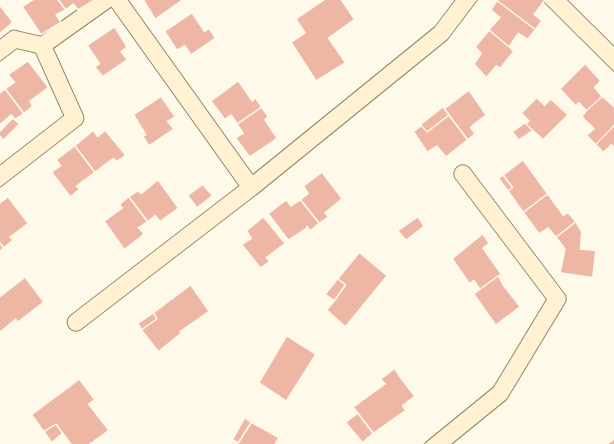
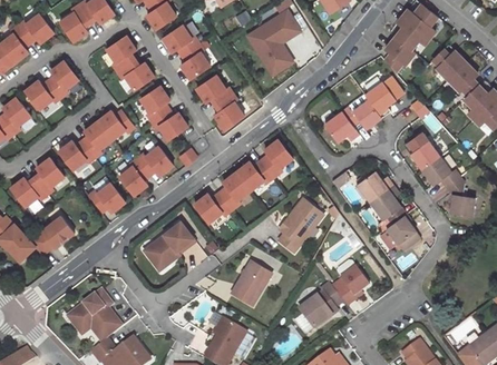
building: none -> [181,43,211,79]
building: none -> [118,59,154,90]
building: [521,98,568,140] -> [432,50,466,80]
building: none -> [152,109,188,140]
building: none -> [323,111,359,142]
building: none -> [59,140,95,170]
building: none -> [357,171,392,203]
building: none -> [88,184,125,213]
building: none -> [195,193,232,221]
building: none -> [332,262,368,306]

